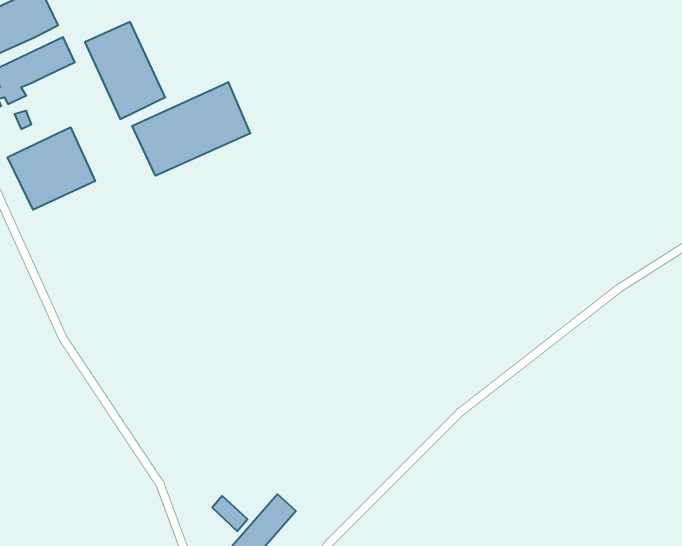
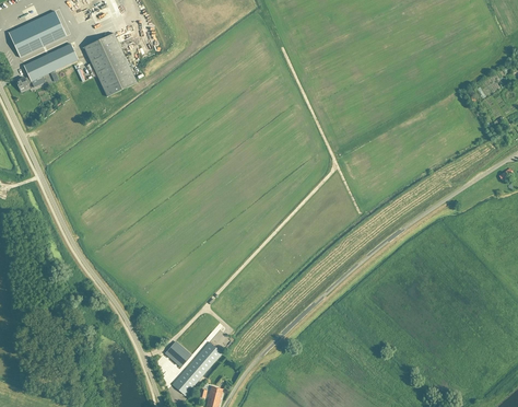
building: [132,82,250,176] -> none
building: [8,127,95,210] -> none

